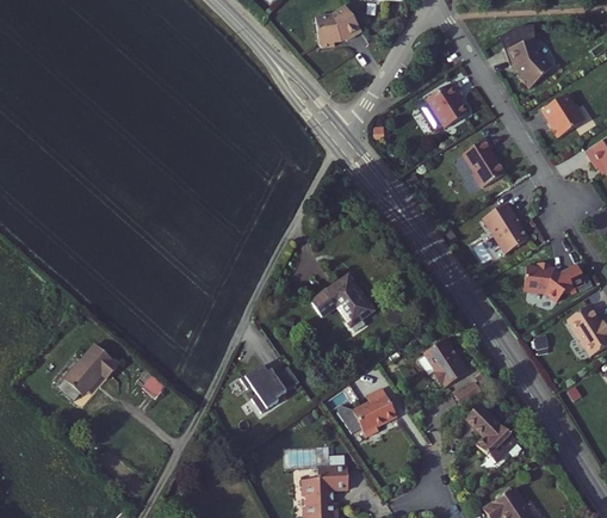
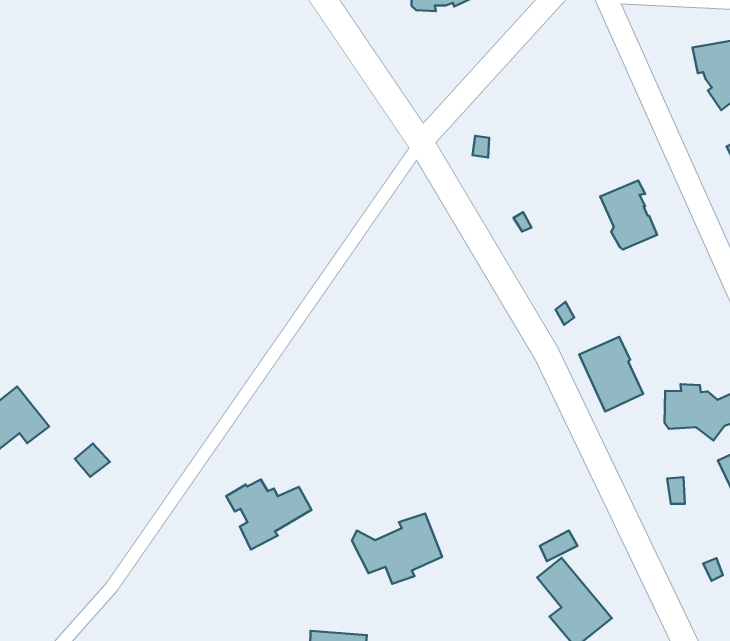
building: [428,84,470,130] -> none
building: [485,204,532,255] -> [579,337,643,412]
building: [310,264,373,319] -> none
building: [416,334,464,386] -> none

